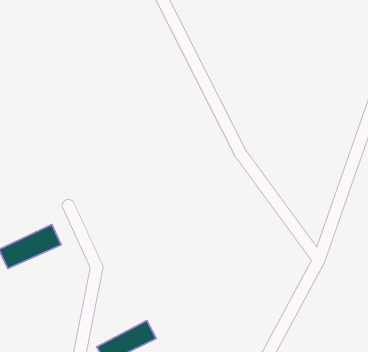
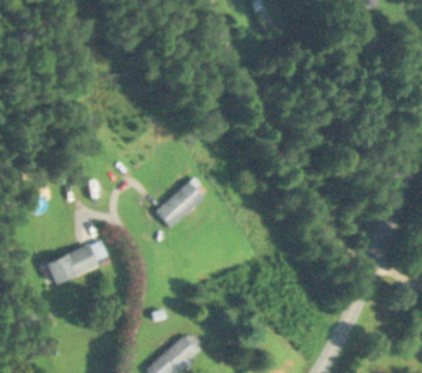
building: none -> [153,178,209,229]

